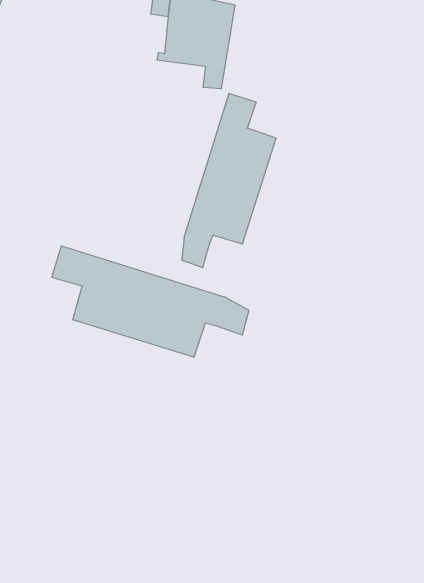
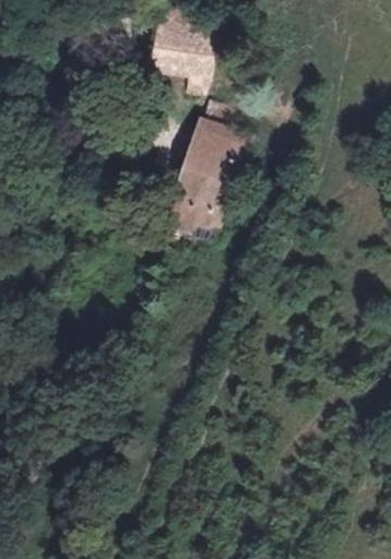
building: [52,246,249,357] -> none

